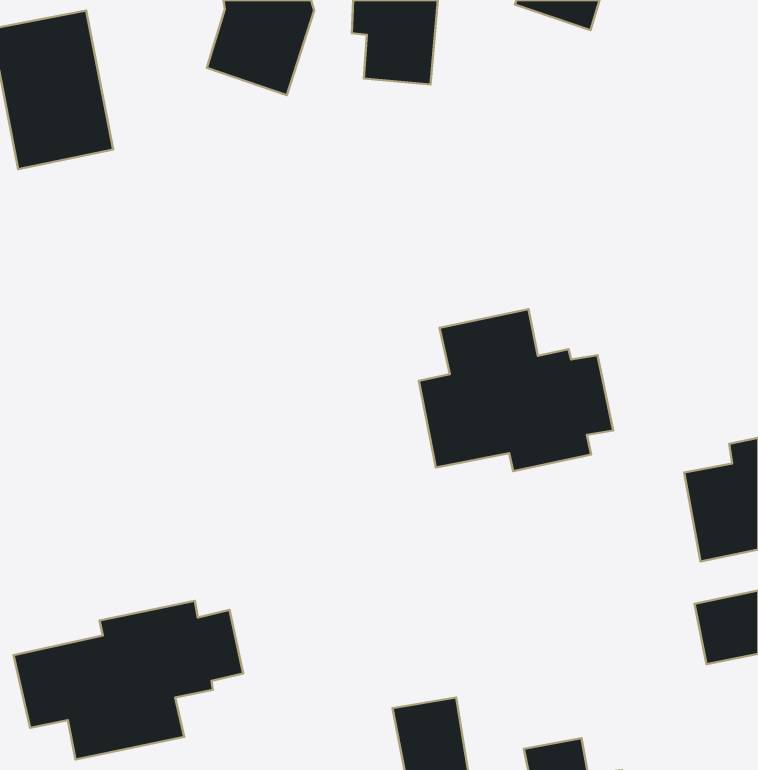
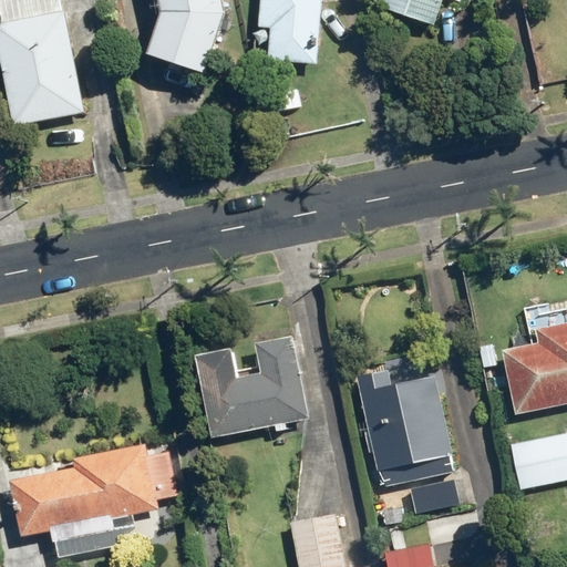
building: [419,309,613,471] -> none
building: none -> [195,333,309,436]
building: none -> [357,360,461,516]

